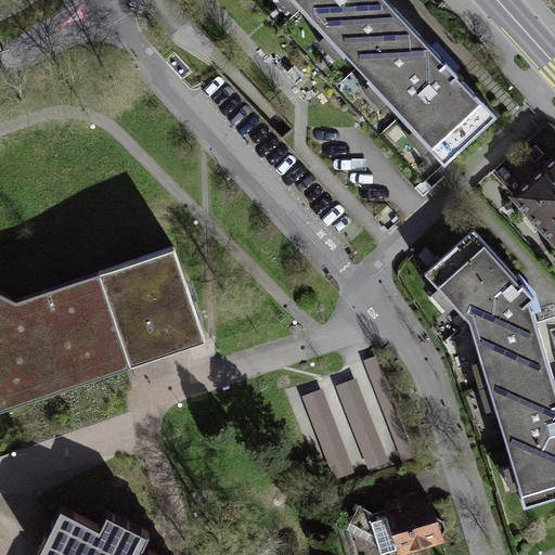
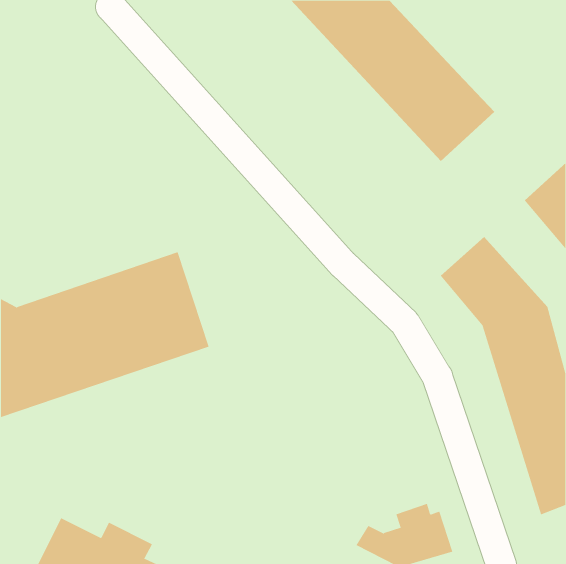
building: [306,377,390,481] -> none

